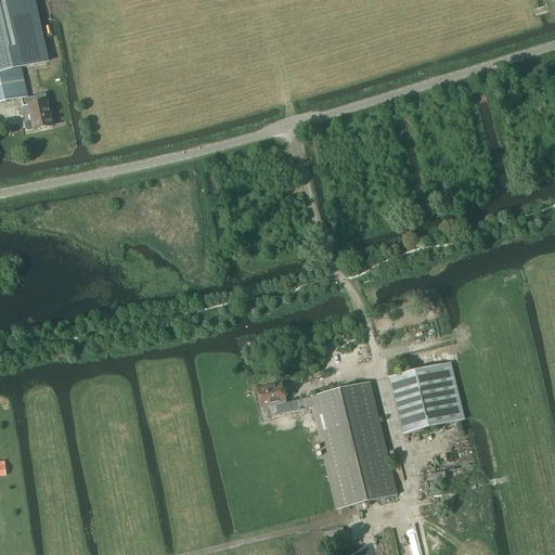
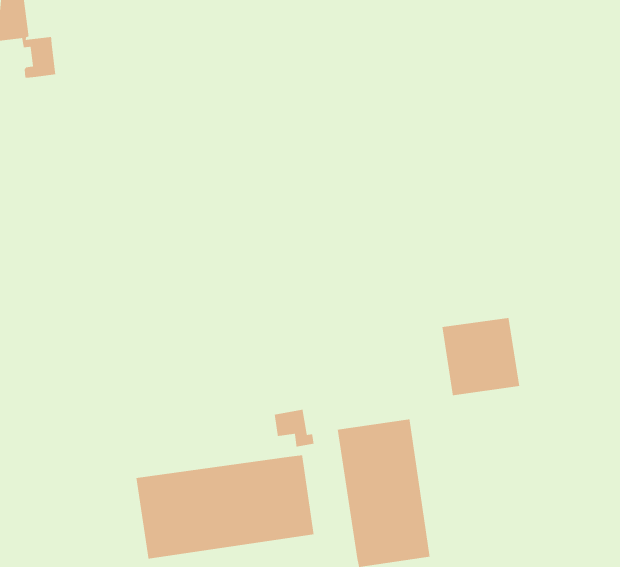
building: [395,361,464,430] -> [441,317,520,396]
building: none -> [135,455,314,559]

